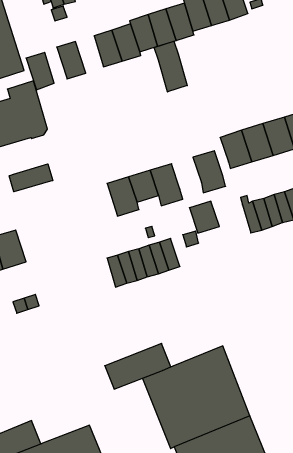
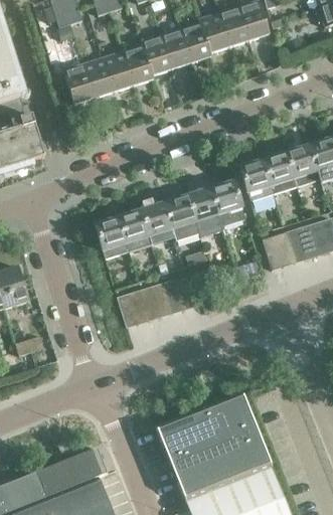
building: [154,41,187,92] -> none
building: [26,52,54,90] -> [84,57,114,98]
building: [9,164,53,192] -> none
building: none -> [95,216,129,259]
building: [189,201,219,233] -> [187,188,219,222]
building: [105,343,171,389] -> [36,448,108,497]

